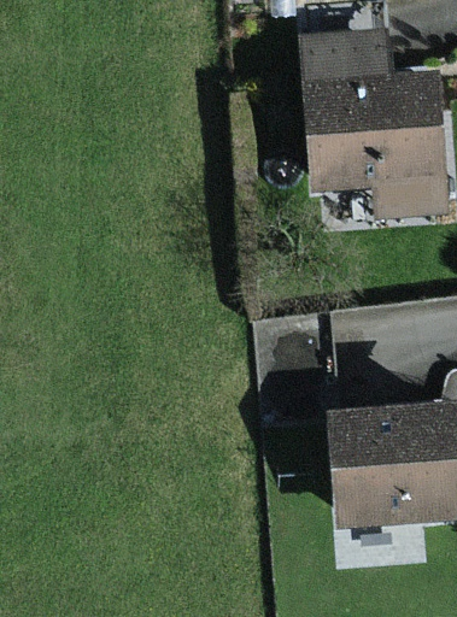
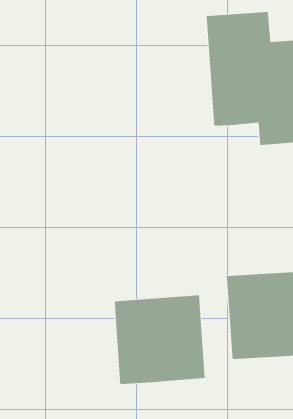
building: none -> [114,295,205,385]

